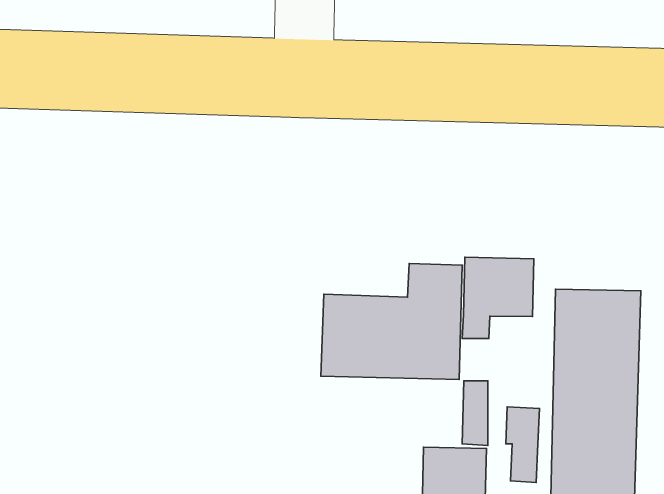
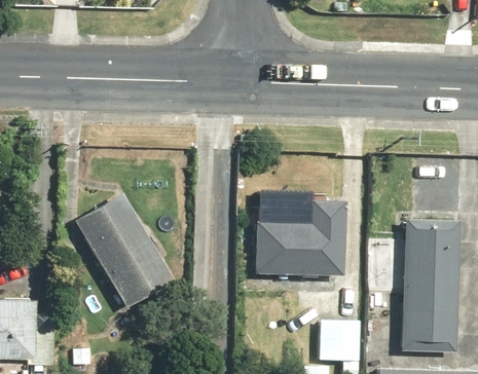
building: none -> [74,189,178,311]
building: [462,257,534,339] -> none

